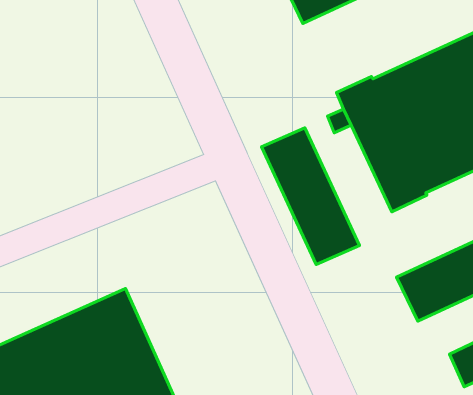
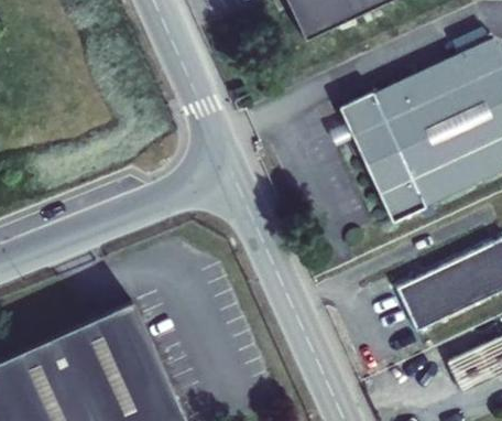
building: [261,128,360,265] -> none

